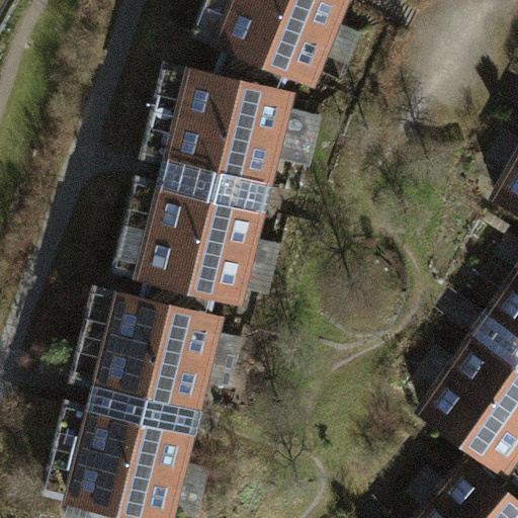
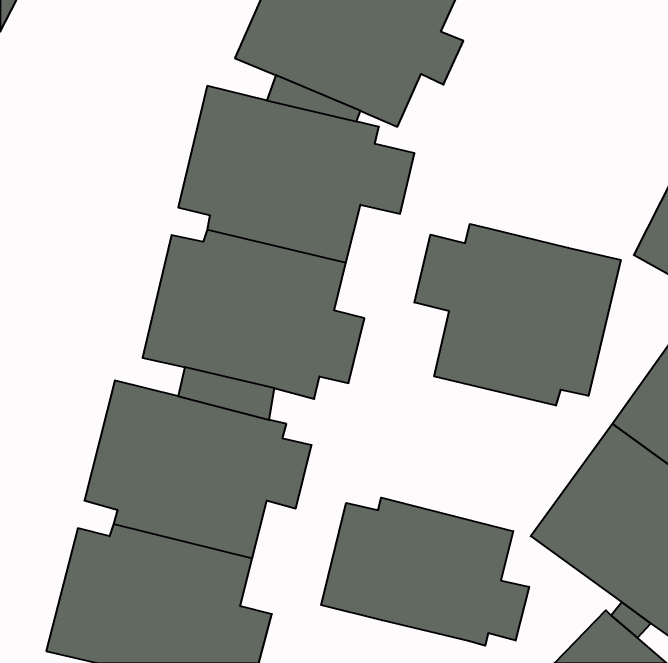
building: none -> [414,224,621,406]
building: none -> [321,498,529,646]

